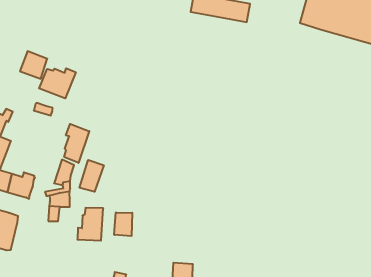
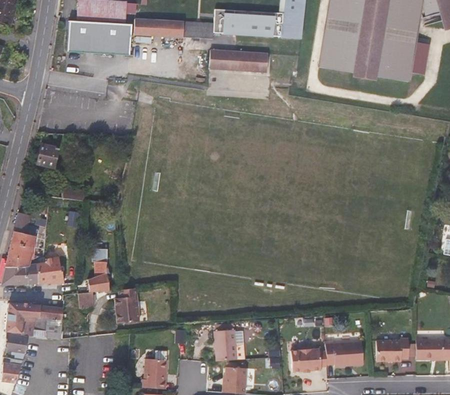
building: [39,68,76,98] -> none
building: [64,124,89,163] -> none
building: [80,160,104,192] -> none
building: [114,212,132,236] -> none

